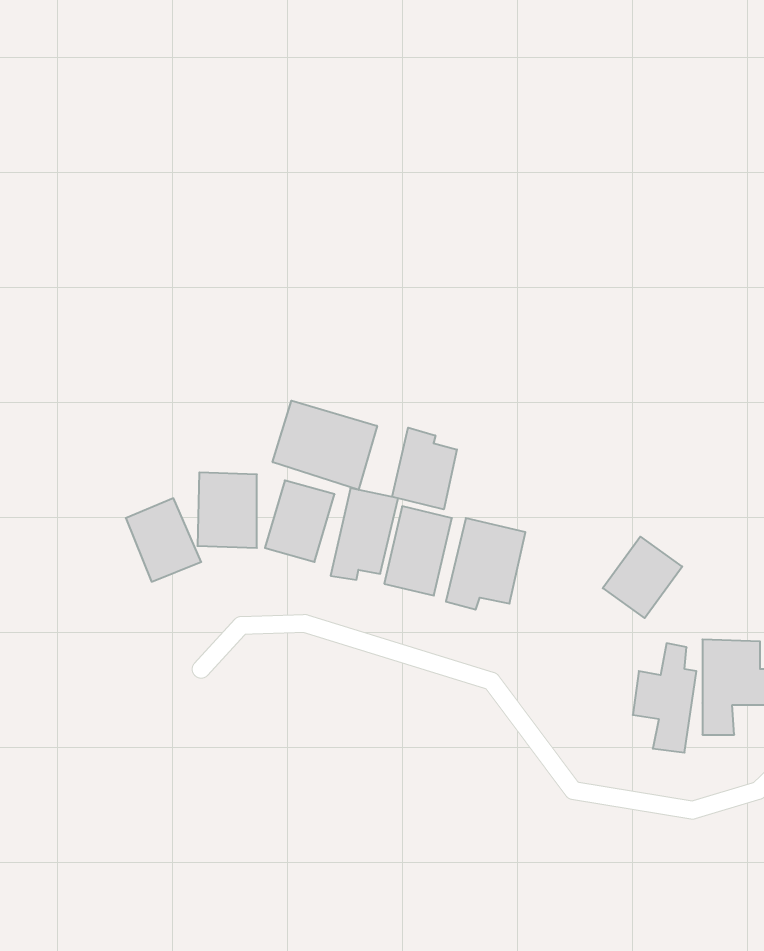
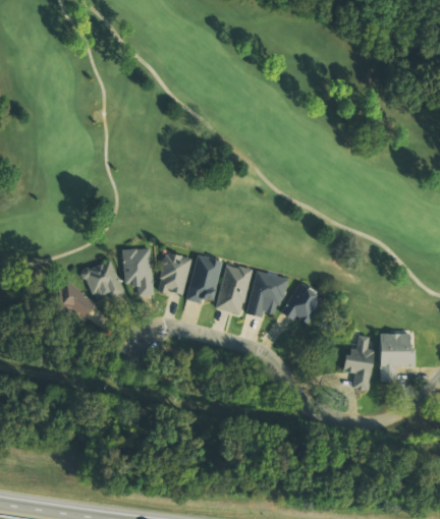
building: [273,401,377,490] -> none
building: [392,428,457,509] -> none
building: [603,537,682,618] -> [281,284,322,326]
building: none -> [50,281,92,322]

